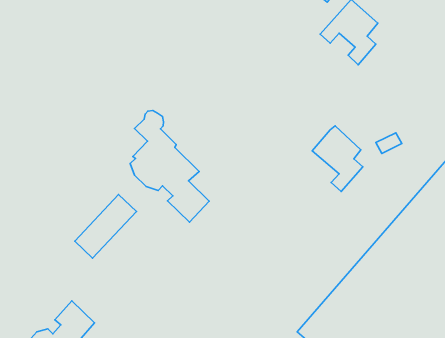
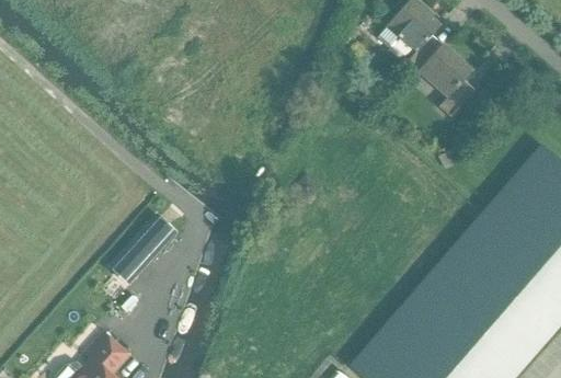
building: [130,111,209,222] -> none
building: [312,126,363,192] -> [420,45,476,117]

